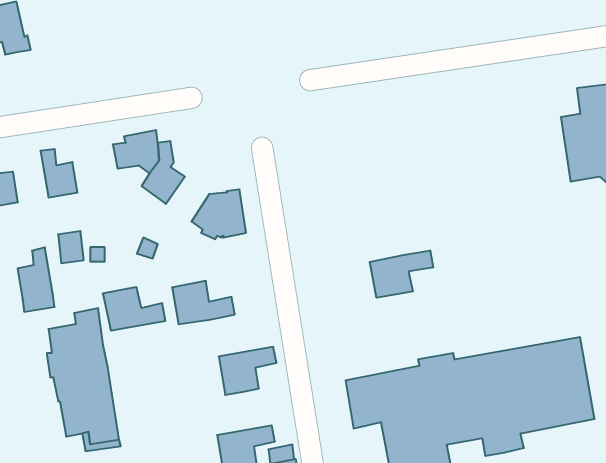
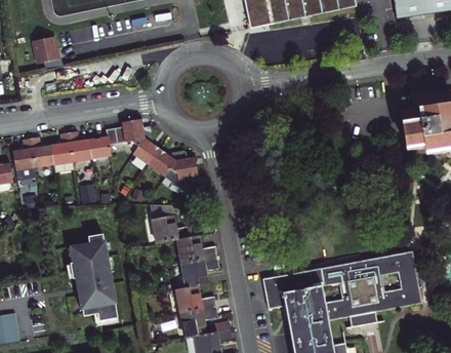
building: none -> [88,127,117,158]
building: none -> [148,148,187,176]
building: [18,247,55,312] -> [50,131,74,172]
building: [370,250,433,298] -> none
building: [103,287,165,331] -> [176,235,216,263]
building: none -> [175,285,215,313]

